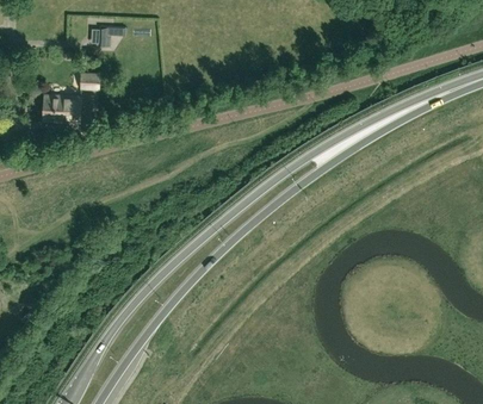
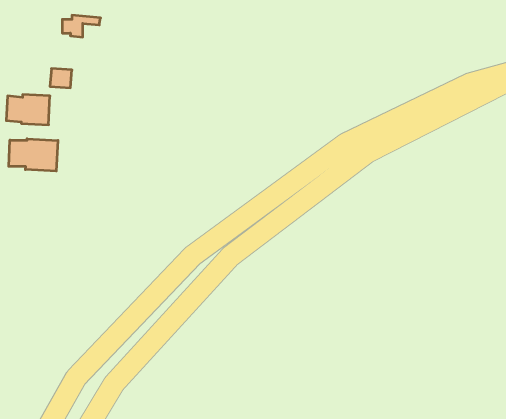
building: none -> [9,139,58,171]

